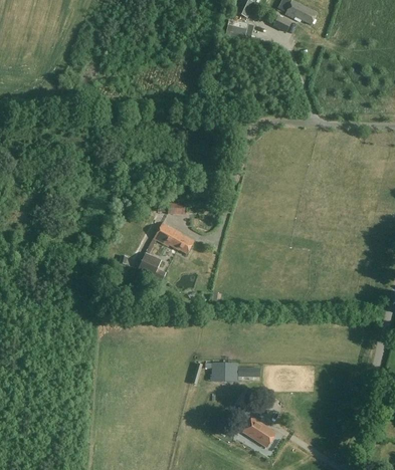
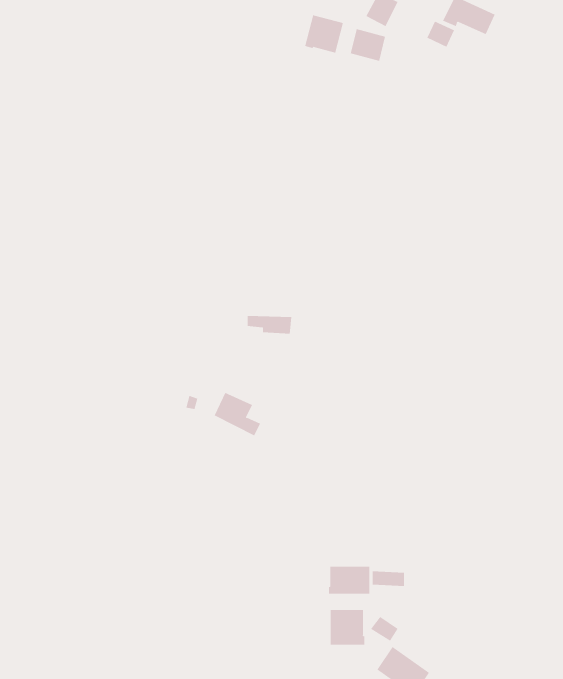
building: none -> [304,15,344,53]
building: [154,222,194,253] -> none
building: none -> [330,609,365,645]

